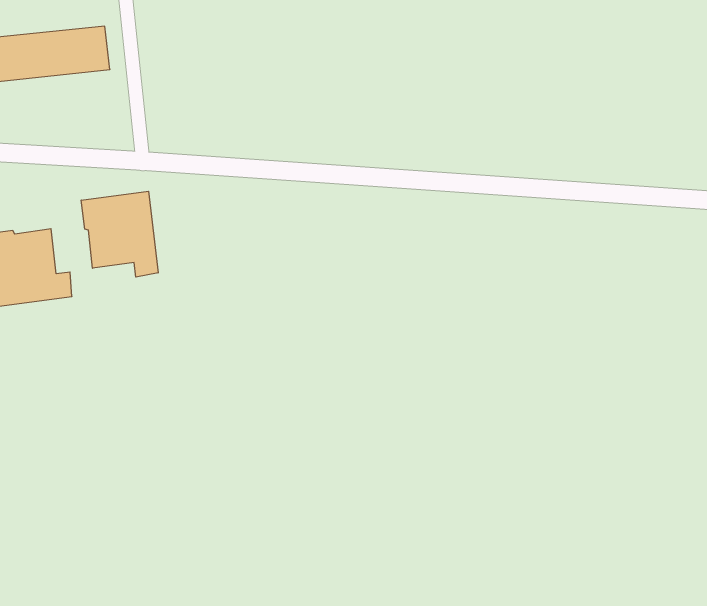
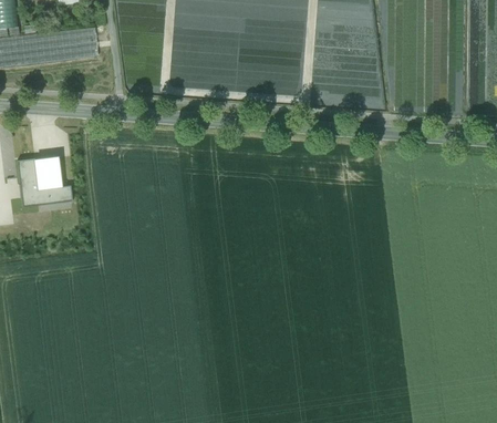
building: [81,191,158,277] -> none

